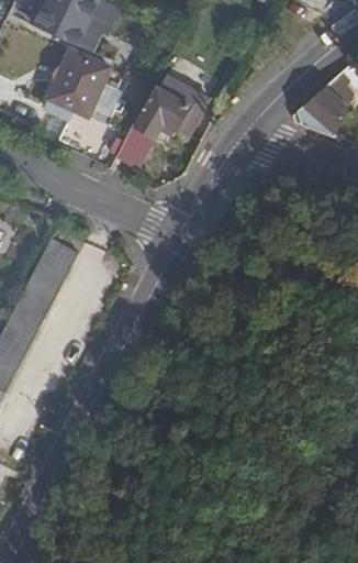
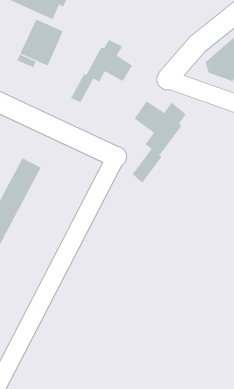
building: none -> [132,100,186,183]

